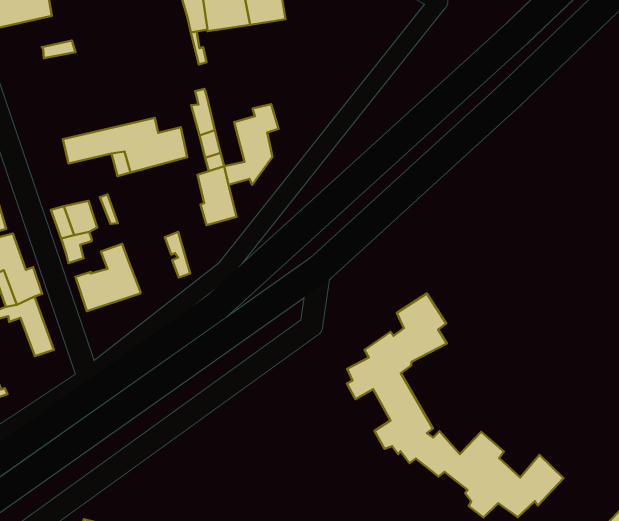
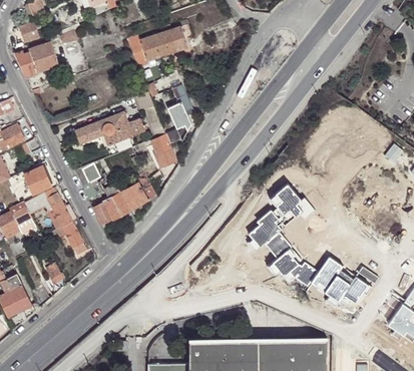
building: none -> [120,182,147,209]

